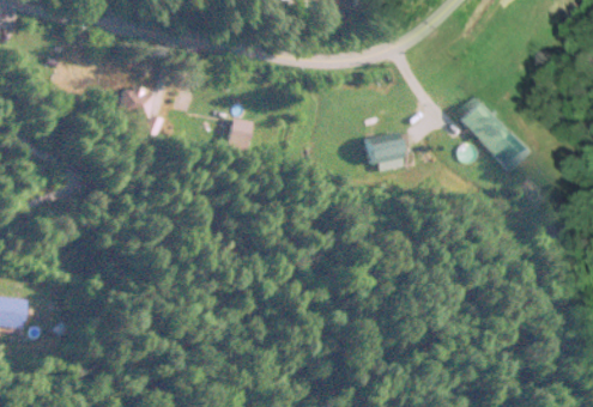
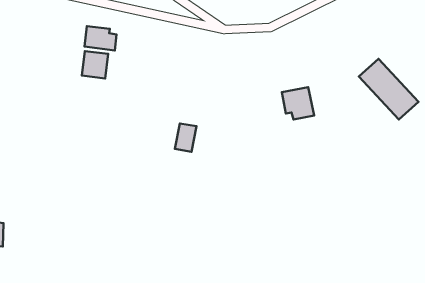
building: none -> [84,26,117,51]
building: [228,117,254,152] -> [175,123,196,152]

